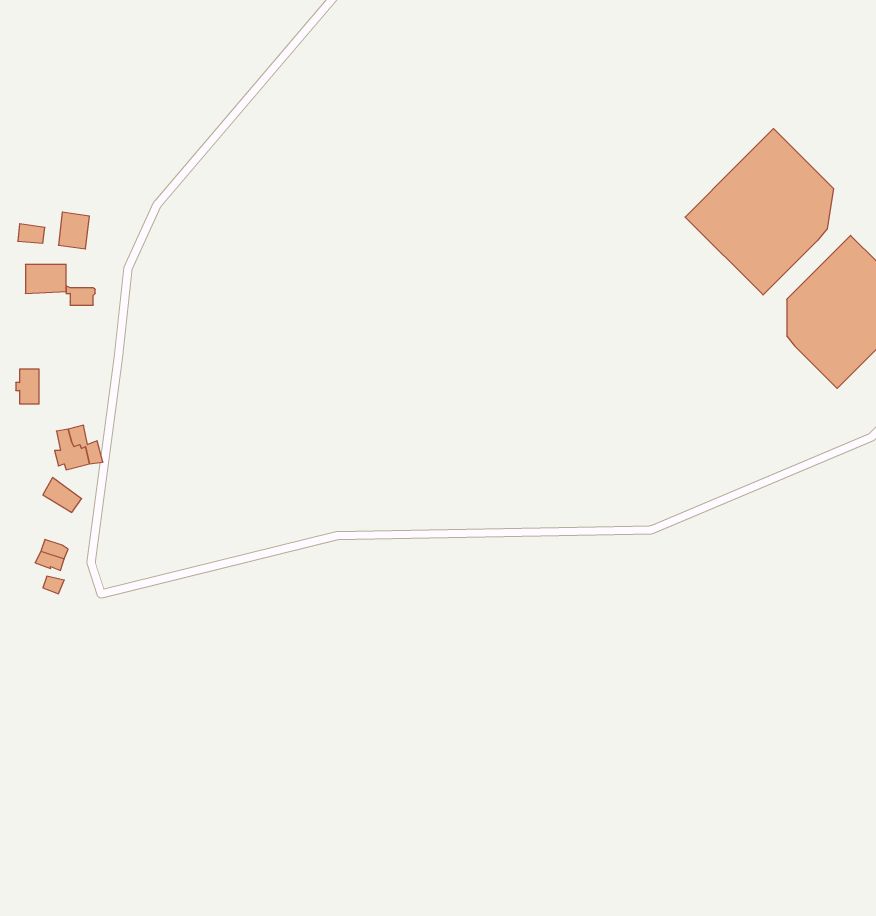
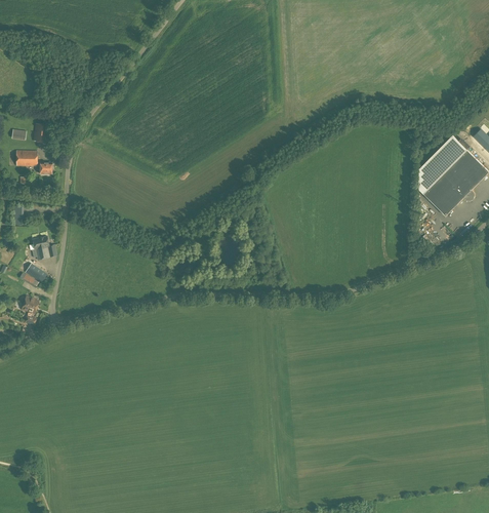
building: [685,129,833,295] -> none

